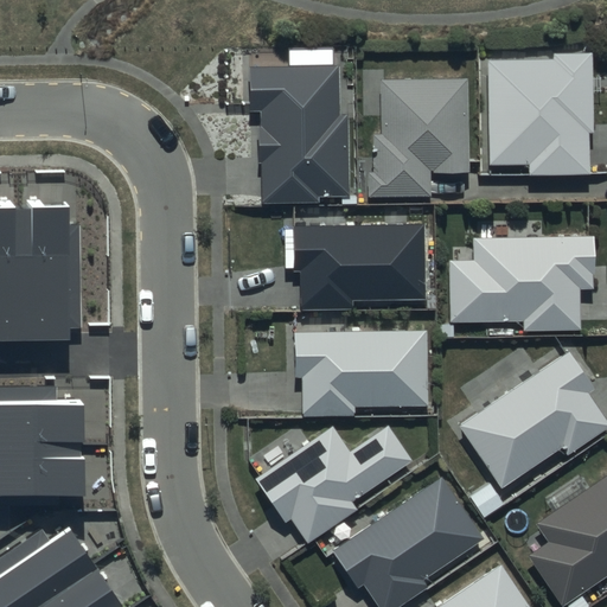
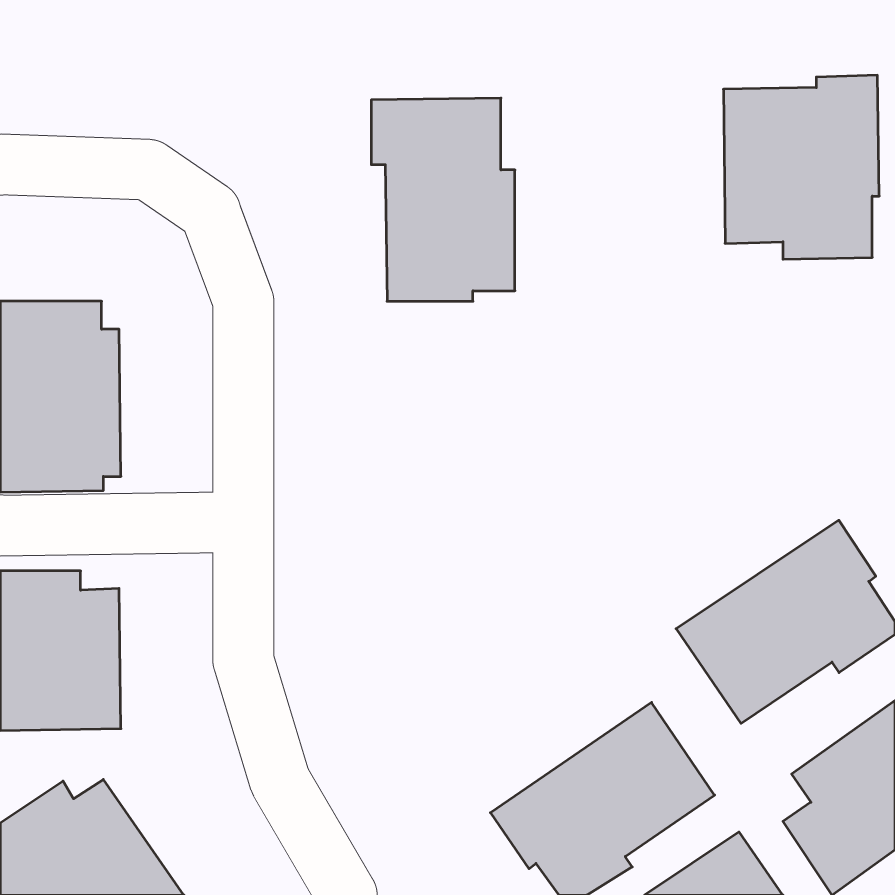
building: [368,79,469,197] -> none
building: [294,225,427,309] -> none
building: [451,236,596,331] -> none
building: [294,332,428,417] -> none
building: [255,424,414,543] -> none

